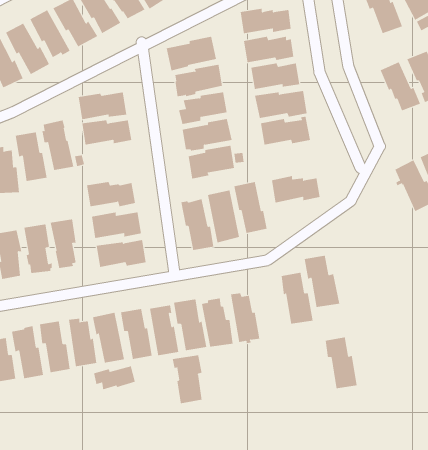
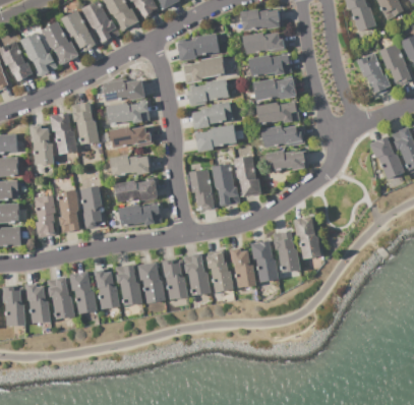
building: none -> [260,124,303,147]
building: none -> [110,125,152,148]
building: [325,337,357,389] -> [251,240,279,284]
building: [172,354,202,404] -> none
building: [94,365,136,390] -> none

